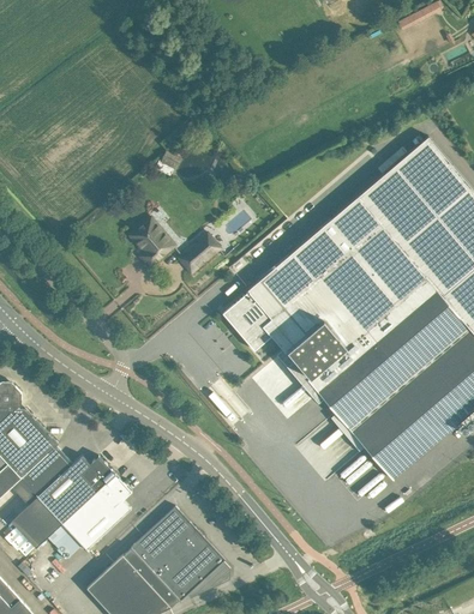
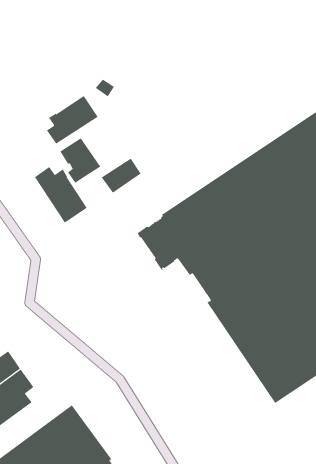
building: none -> [46,95,98,145]
building: none -> [34,166,88,223]

